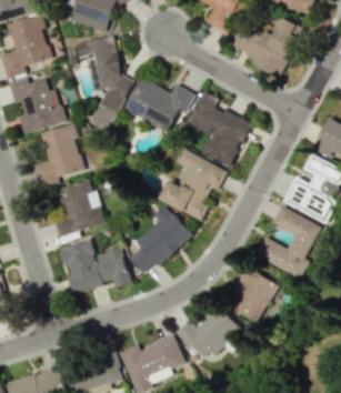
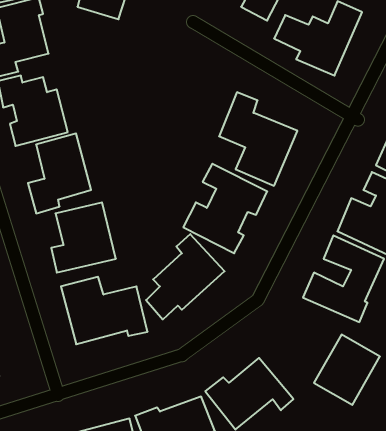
building: [76,36,132,131] -> none
building: [124,78,193,133] -> none
building: [225,265,279,322] -> [314,335,380,405]

